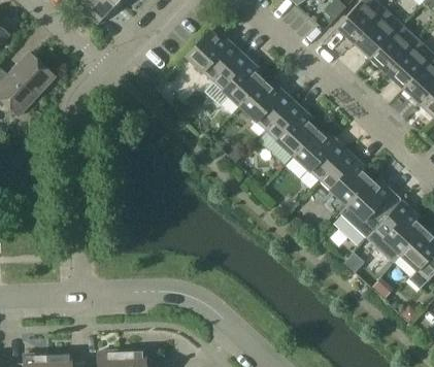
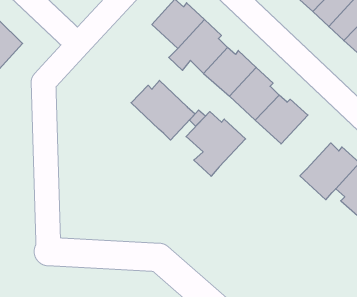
building: none -> [131,80,195,140]
building: none -> [186,112,246,176]
building: [322,152,373,207] -> none

